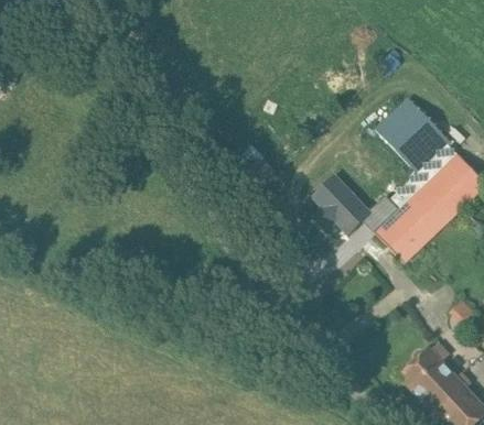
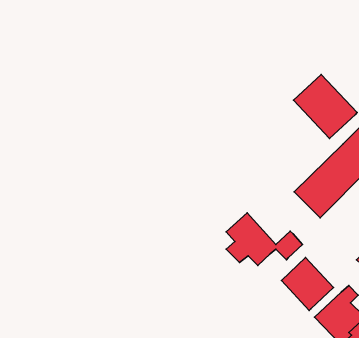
building: [311,174,399,235] -> [226,213,303,265]
building: none -> [281,258,333,311]

